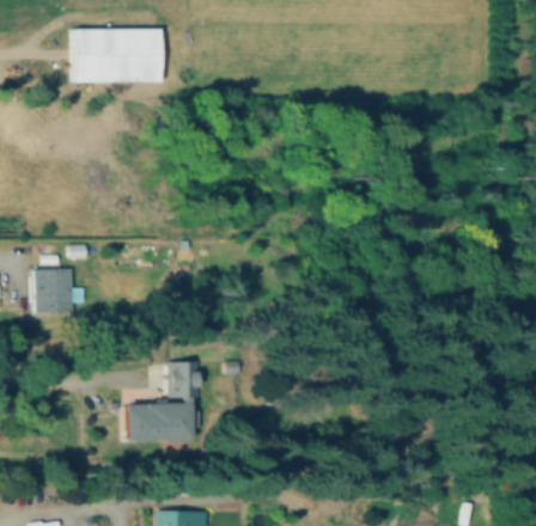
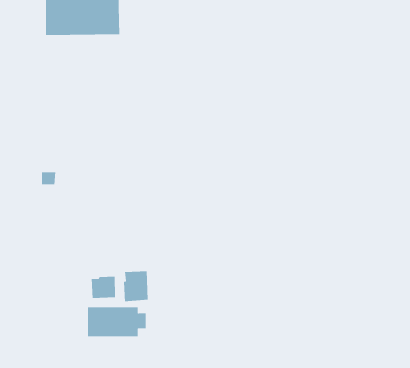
building: [35,268,73,313] -> none
building: none -> [91,276,115,299]

